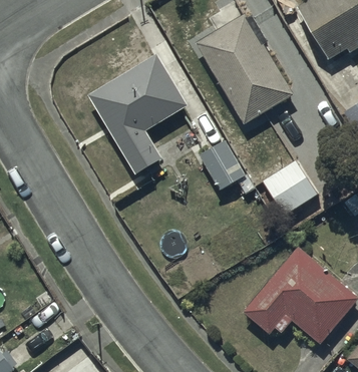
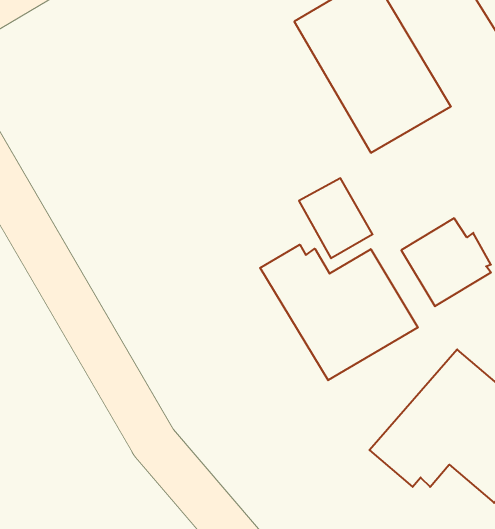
building: [87,52,188,172] -> none
building: none -> [260,245,418,380]

